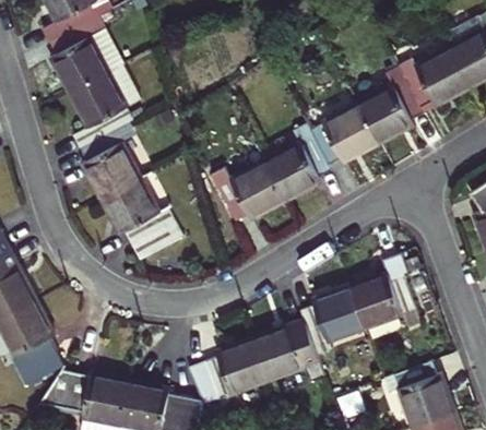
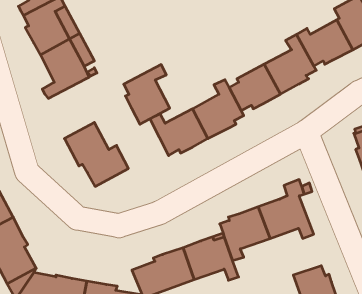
building: [81,123,140,200] -> [124,65,170,124]

